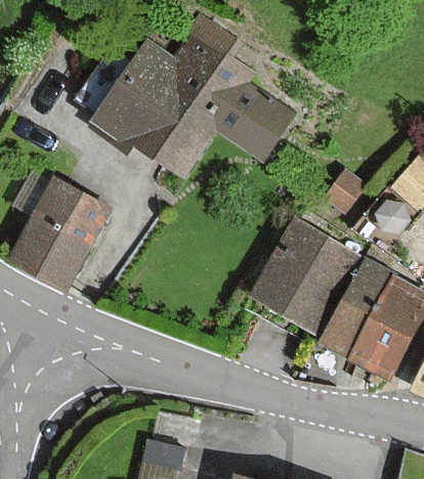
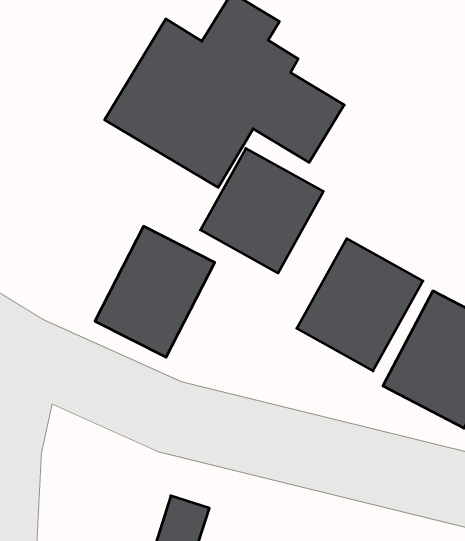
building: none -> [200,148,323,273]
building: [11,179,110,287] -> [95,226,215,357]

